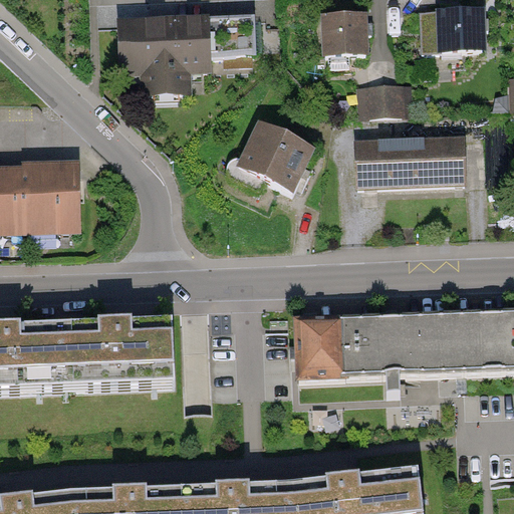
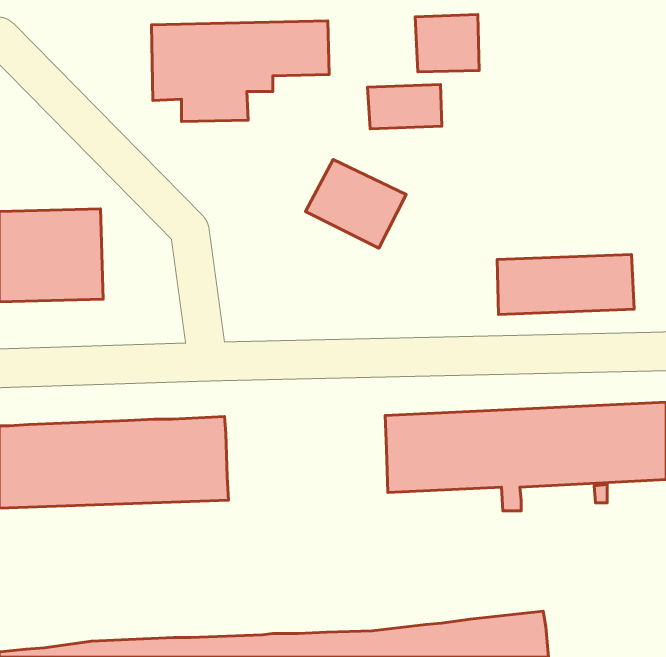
building: [420,7,487,53] -> none
building: [354,81,412,115] -> [367,85,442,129]
building: [357,139,463,185] -> [497,254,634,315]

